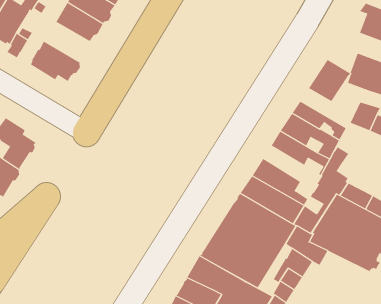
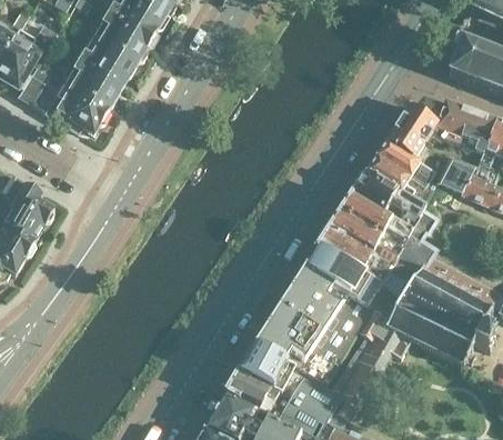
building: none -> [63,59,120,109]
building: none -> [376,140,436,189]
building: none -> [331,210,399,266]

